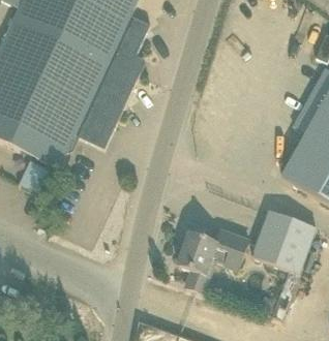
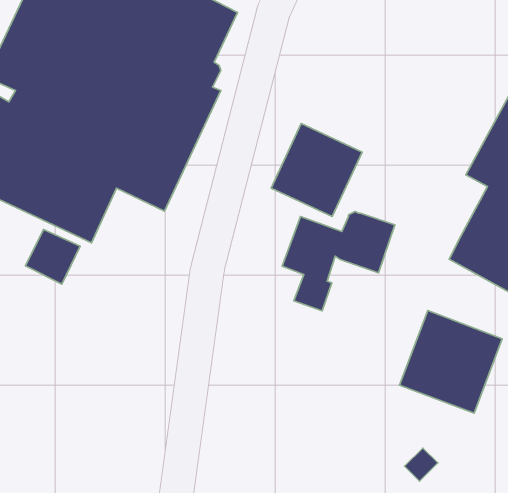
building: none -> [271,124,362,216]
building: [178,229,248,291] -> [282,212,395,311]

